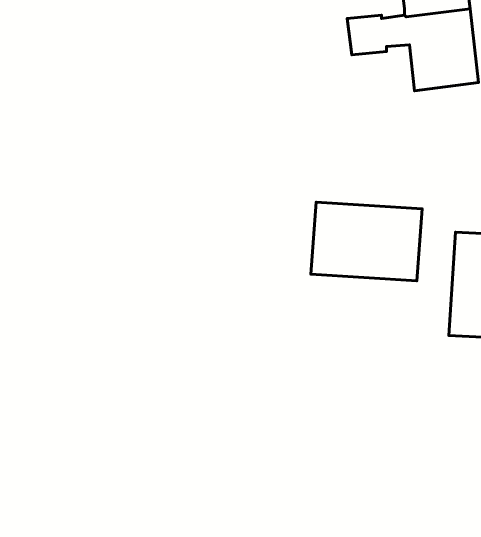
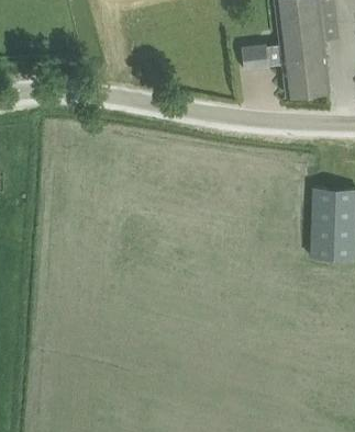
building: [311,202,422,281] -> none

